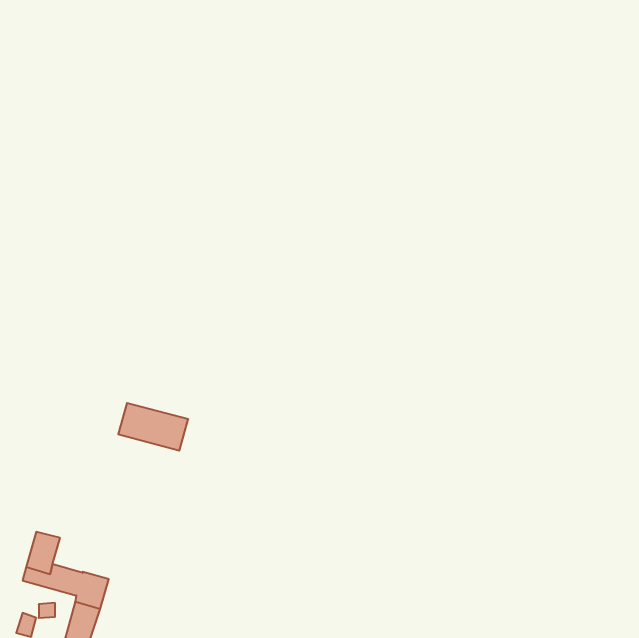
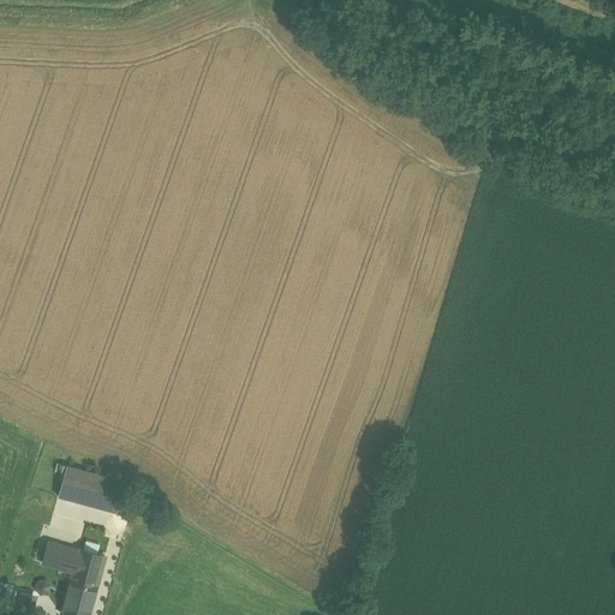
building: [118,403,188,451] -> [59,467,126,513]

